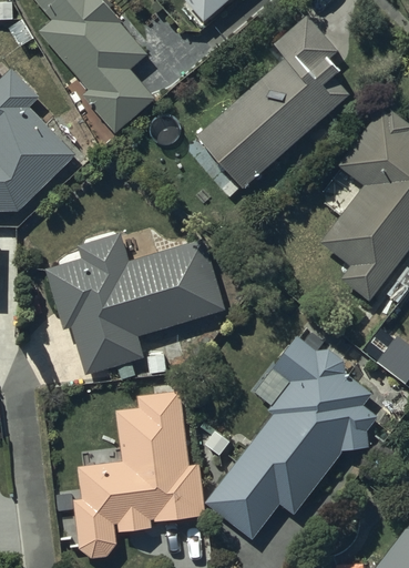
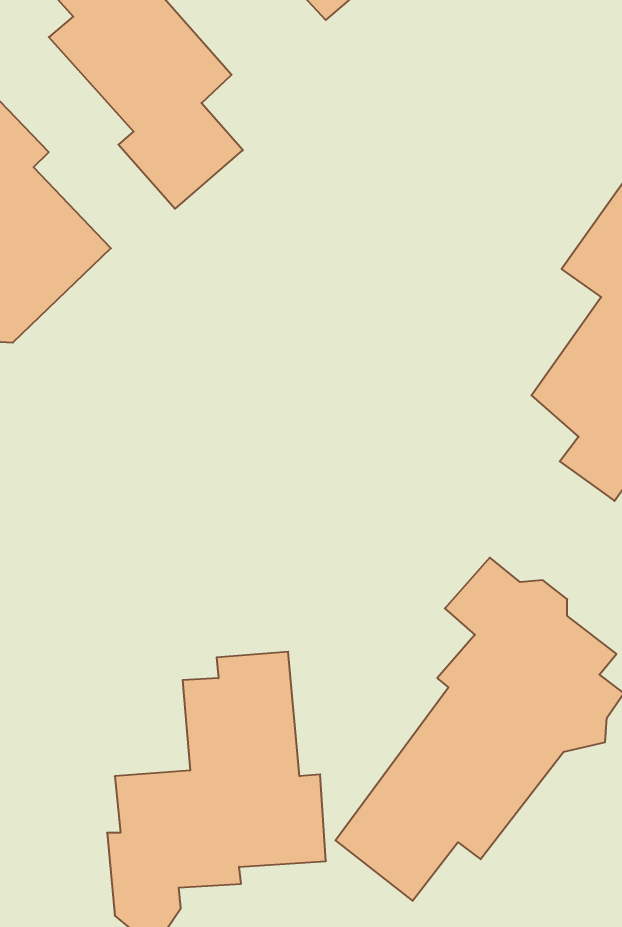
building: [195,14,348,187] -> none
building: [45,235,225,375] -> none

